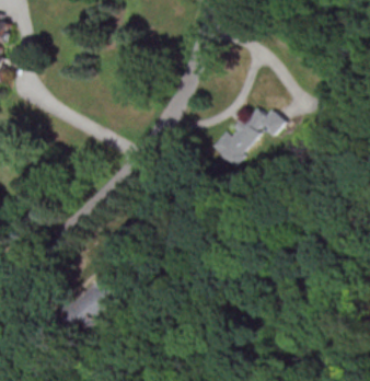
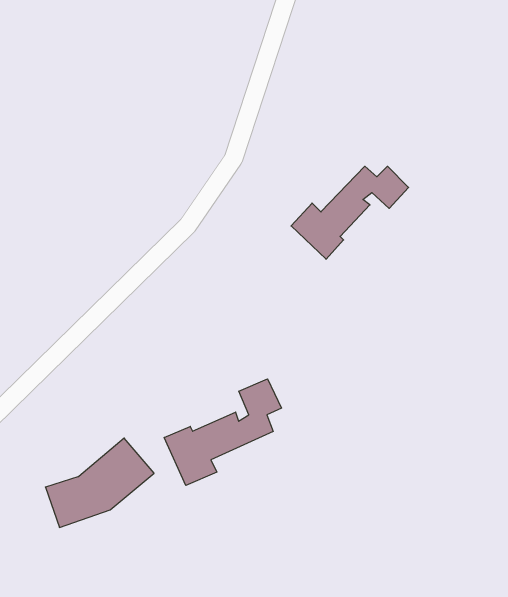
building: none -> [164,379,281,485]

